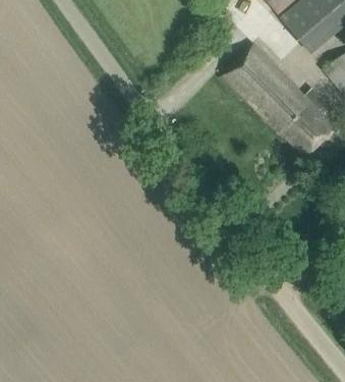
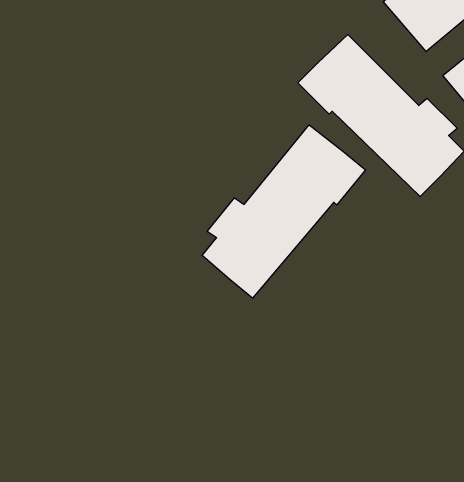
building: none -> [202,125,366,298]

